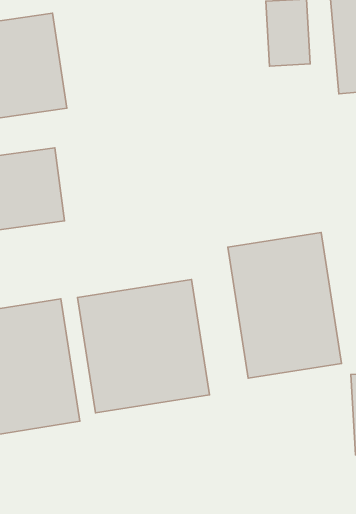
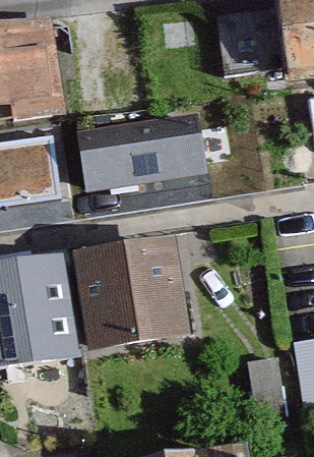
building: none -> [75,107,204,184]
building: [228,233,341,378] -> none

